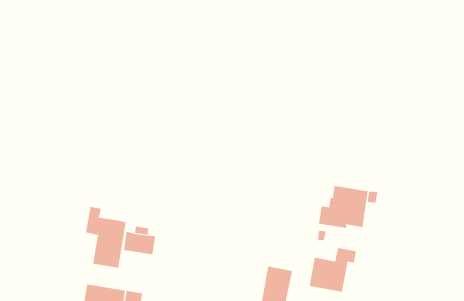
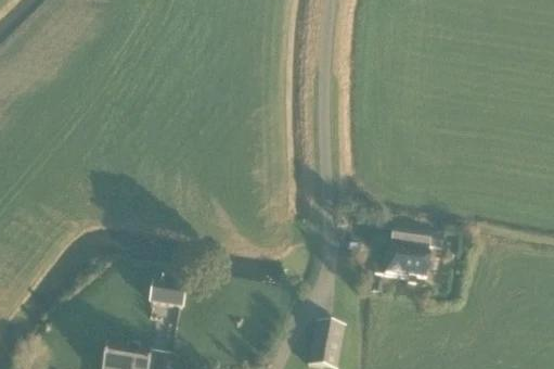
building: [86,206,126,269] -> none
building: [309,247,357,293] -> none

